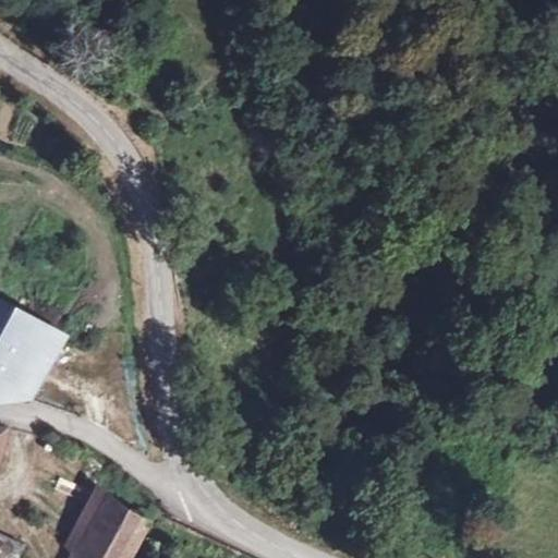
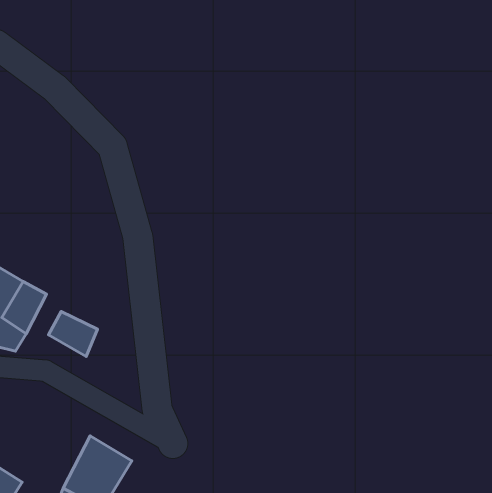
building: none -> [49,311,98,356]

